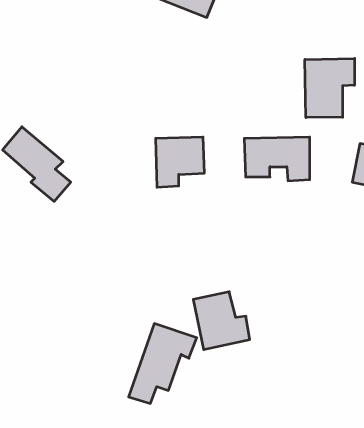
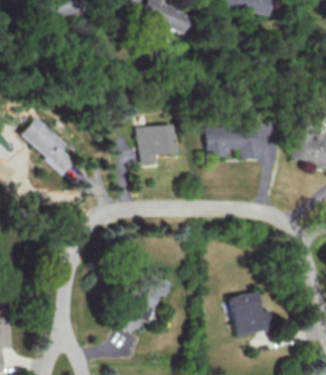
building: [305,58,355,118] -> none
building: [193,292,250,350] -> [227,291,272,336]

